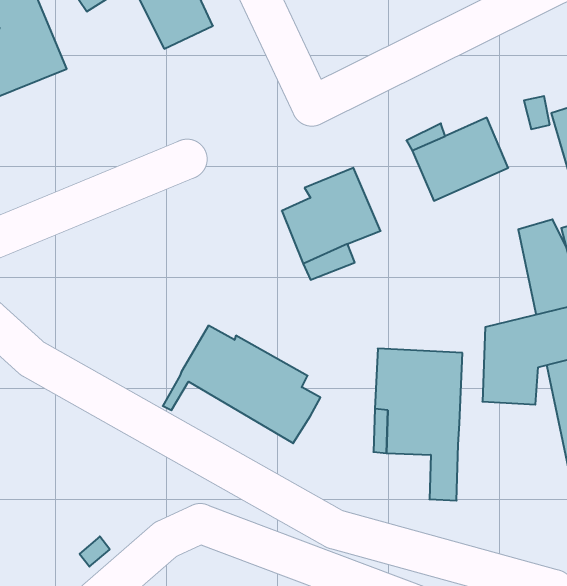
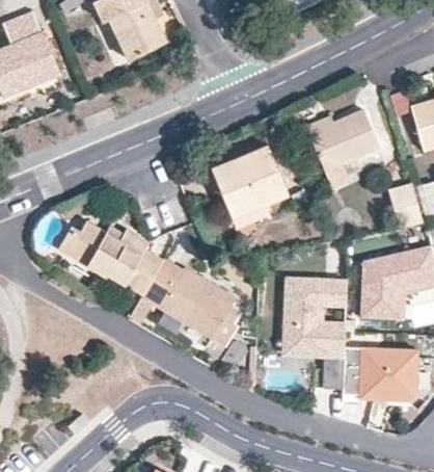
building: none -> [58,220,163,293]
building: none -> [343,346,417,400]

